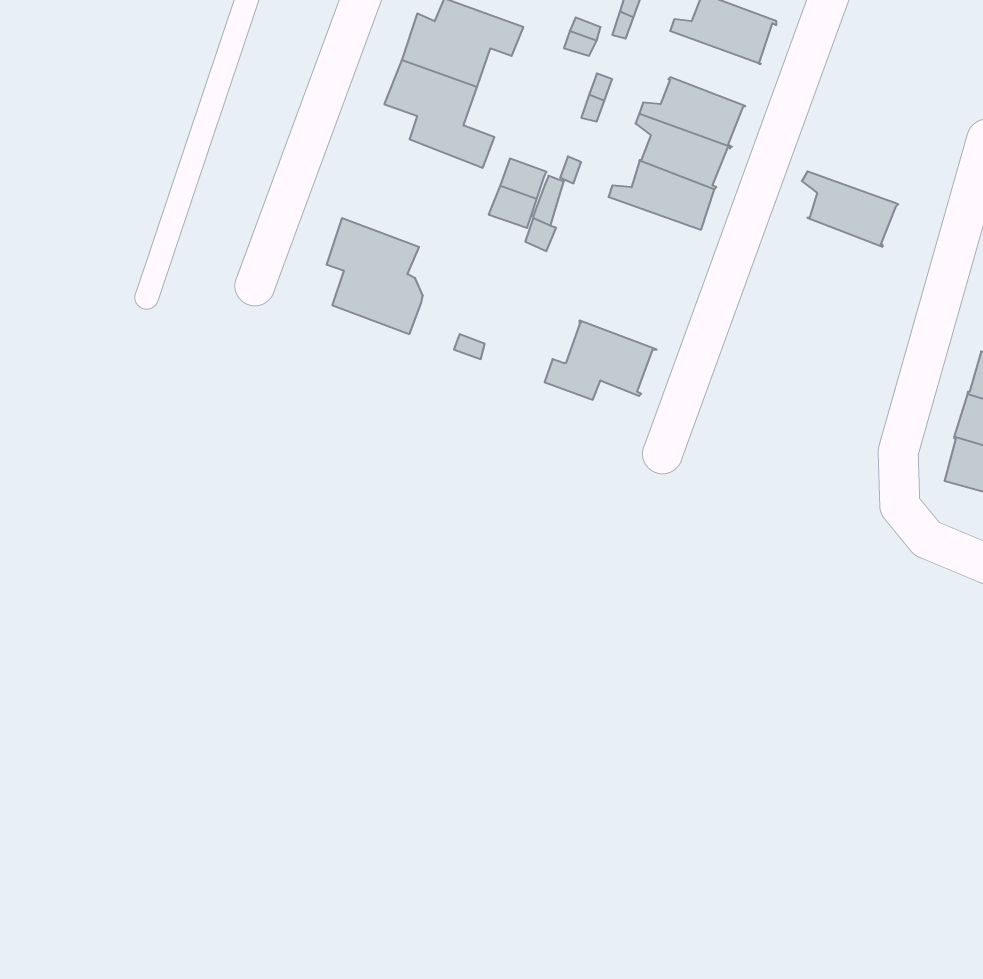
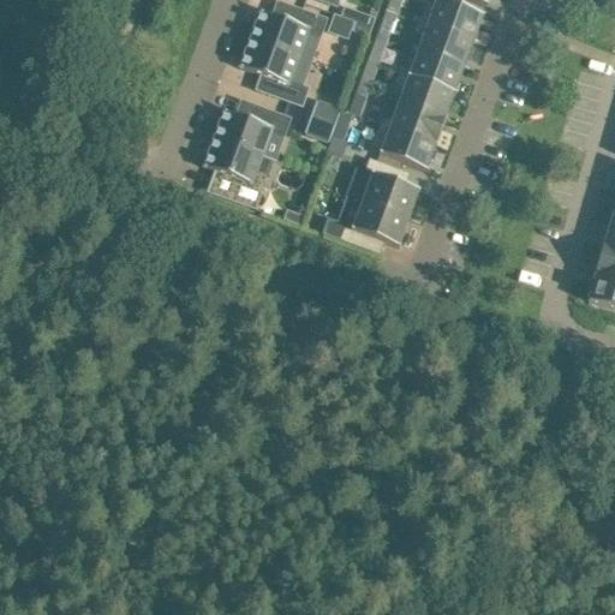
building: none -> [215,97,292,154]
building: [802,171,898,247] -> [416,19,476,66]
building: none -> [378,123,438,169]
building: none -> [363,156,422,217]

